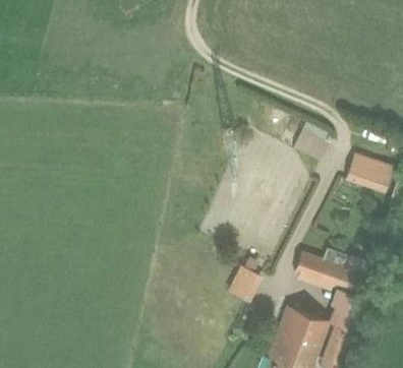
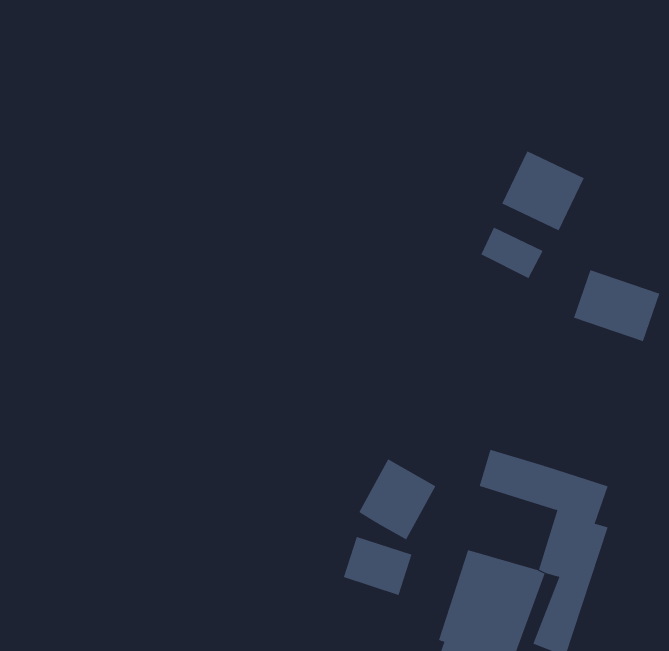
building: none -> [502,150,584,231]
building: none -> [343,536,412,596]

